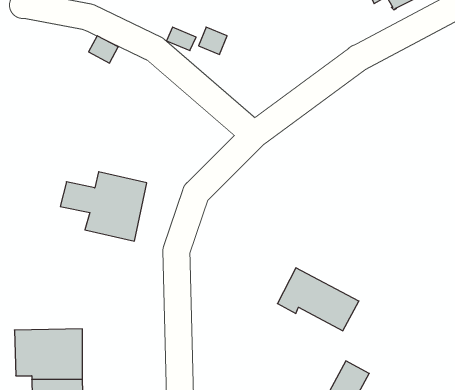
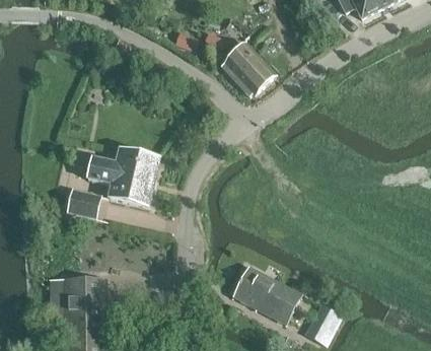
building: none -> [221,43,275,94]
building: none -> [67,190,100,218]
building: [277,268,359,331] -> [233,267,300,319]

